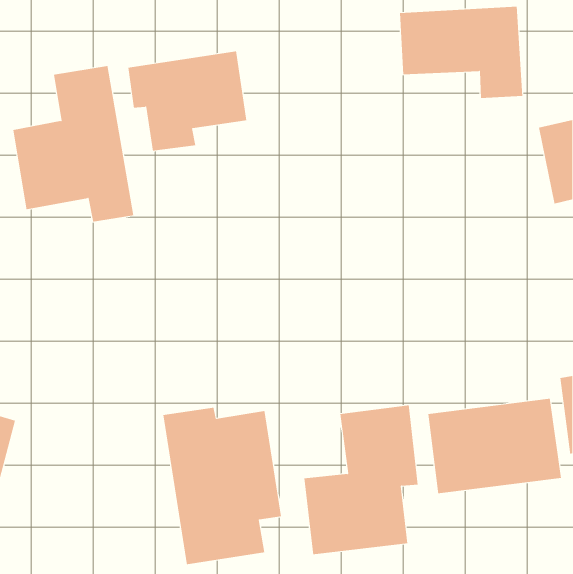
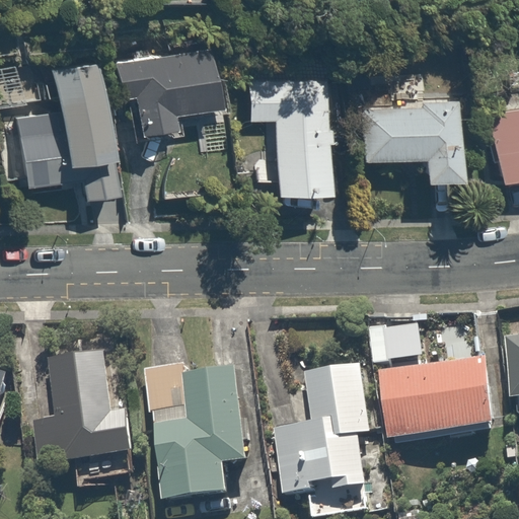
building: [399,6,523,99] -> [349,98,460,181]
building: none -> [243,77,329,196]
building: none -> [33,352,143,483]

